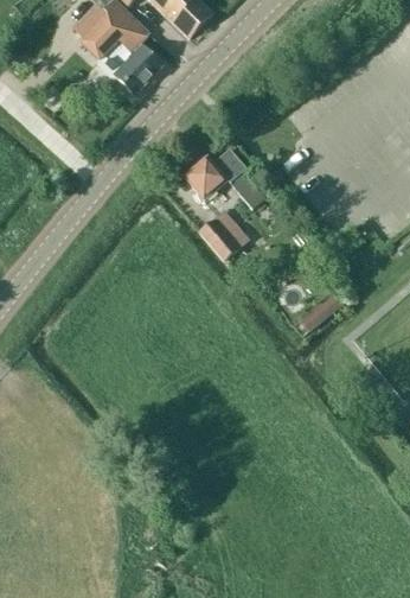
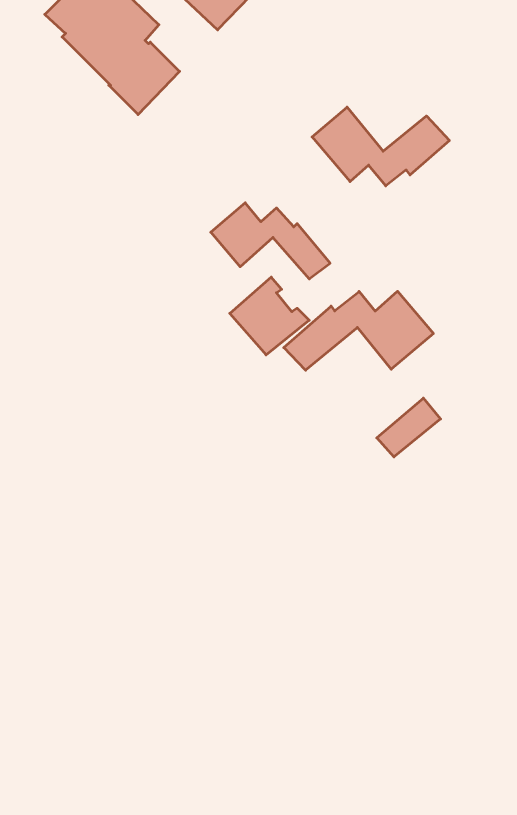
building: none -> [312,107,449,186]
building: none -> [284,291,433,370]

